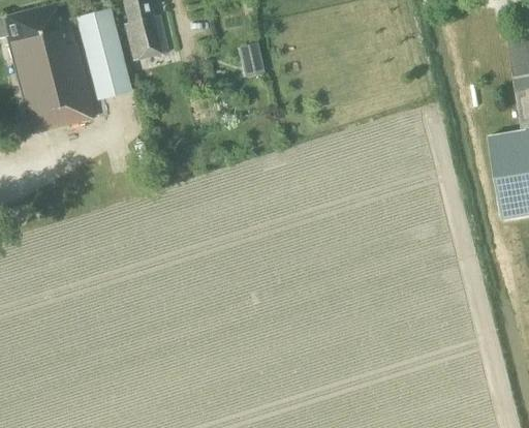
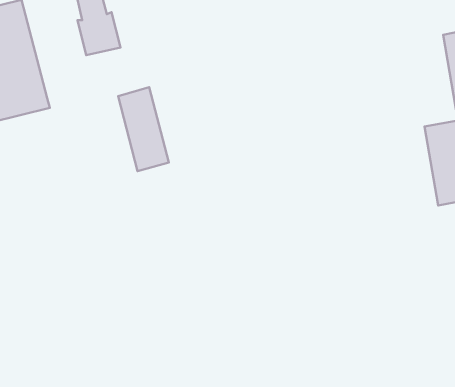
building: [77,9,131,98] -> [118,87,169,171]
building: [240,44,266,77] -> none

